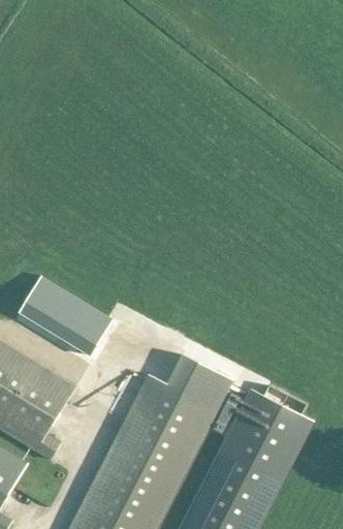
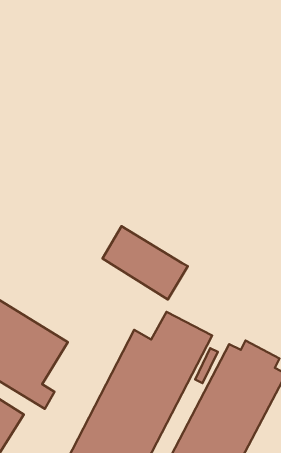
building: [20,277,113,356] -> [102,226,188,299]

